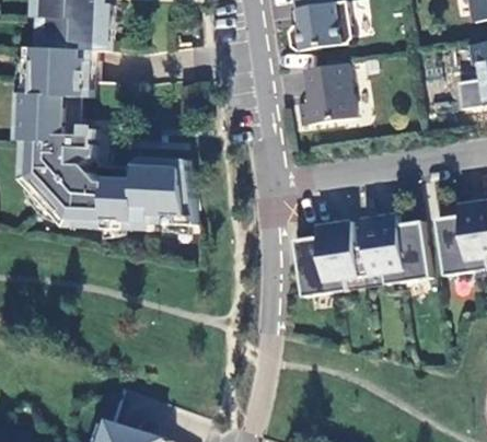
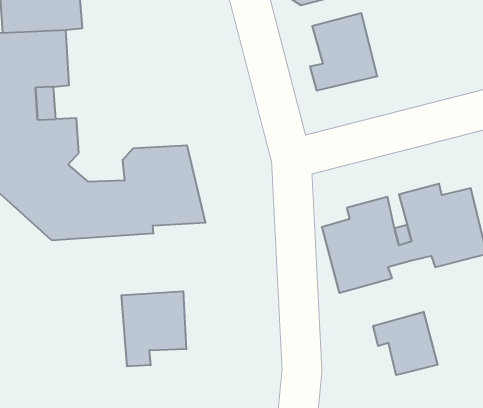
building: none -> [121,291,186,366]
building: none -> [373,312,438,375]

